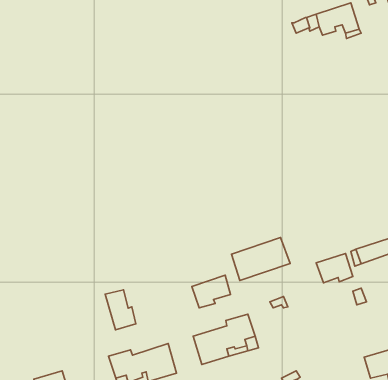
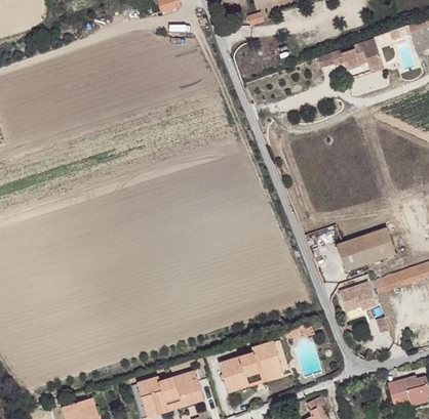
building: [231,237,290,280] -> [338,228,395,270]
building: [192,275,230,308] -> none
building: [105,290,136,330] -> none

